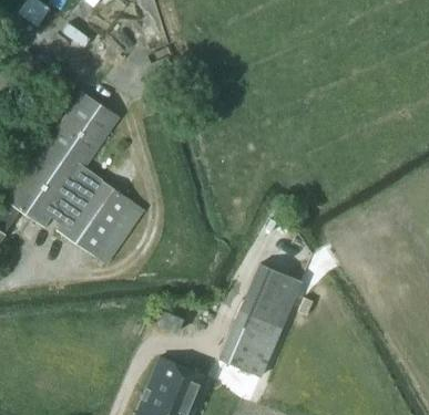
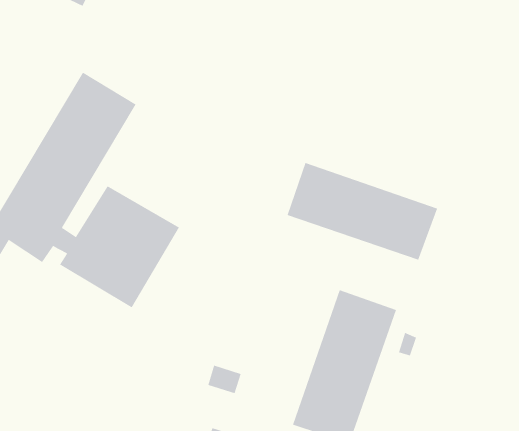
building: none -> [287,162,438,261]

